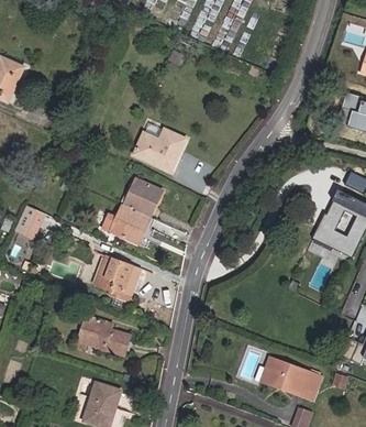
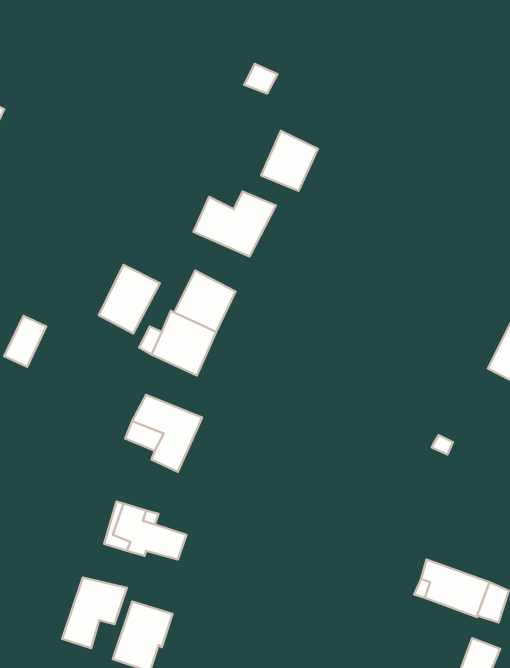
building: none -> [261,131,318,191]
building: none -> [99,265,160,334]
building: none -> [62,577,127,648]

